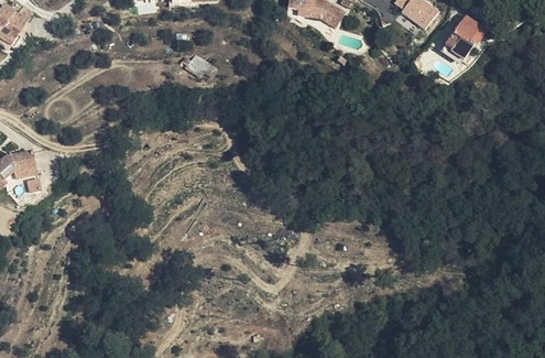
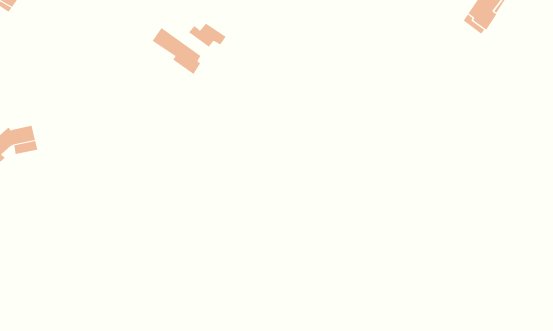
building: none -> [152,27,201,75]

